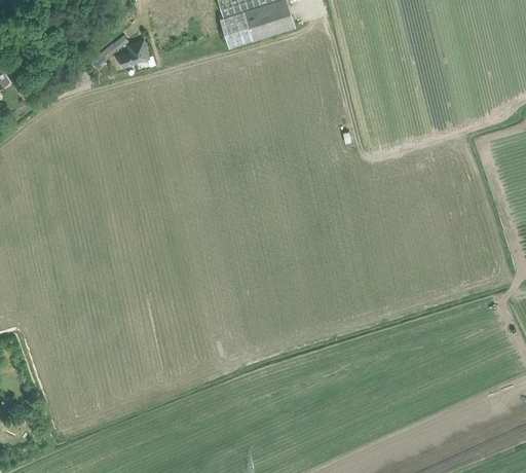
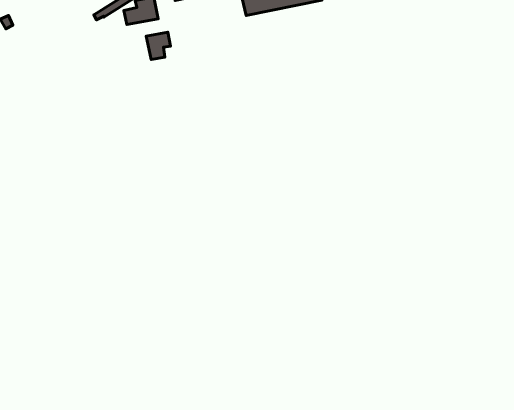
building: none -> [146,32,170,60]

